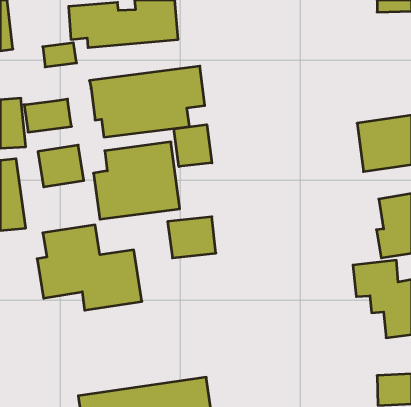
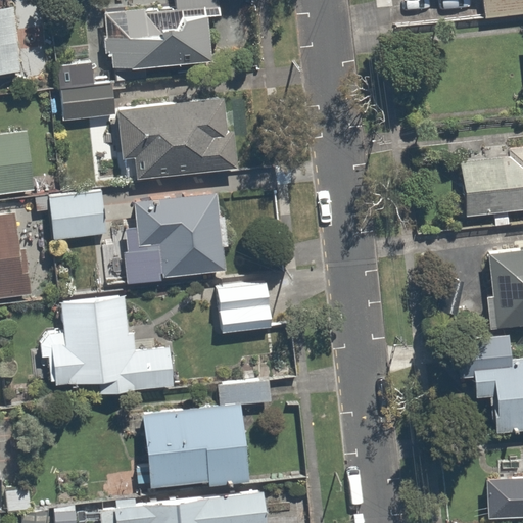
building: [24,99,72,132] -> [56,84,116,126]
building: [174,125,212,167] -> none
building: none -> [142,379,271,486]

